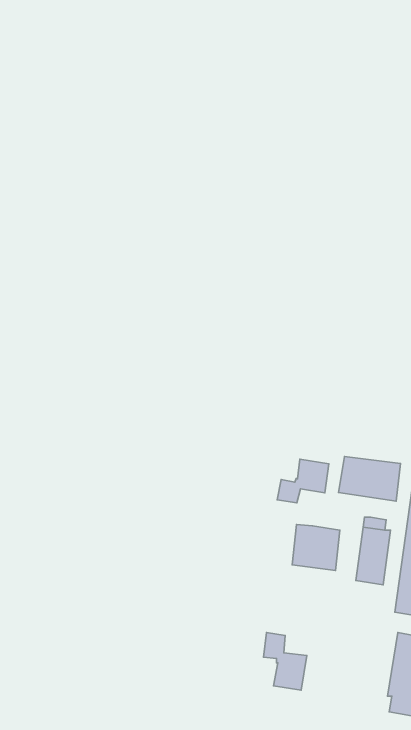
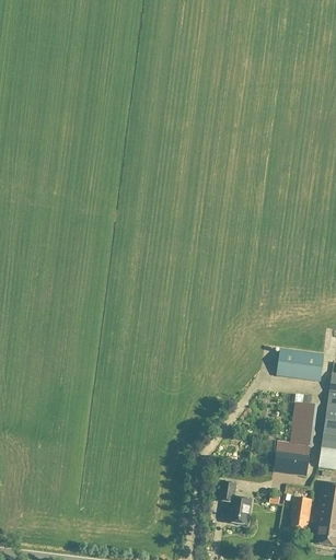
building: [277,459,329,503] -> none
building: [292,524,340,571] -> [274,440,310,475]
building: none -> [289,495,311,527]

